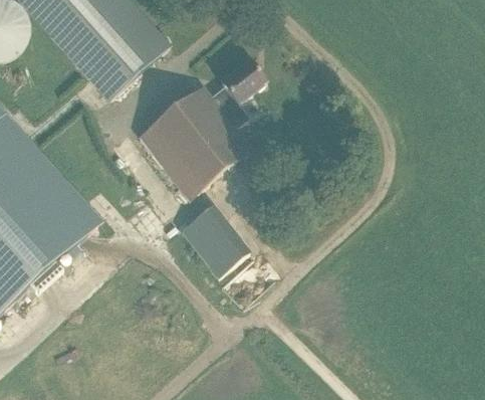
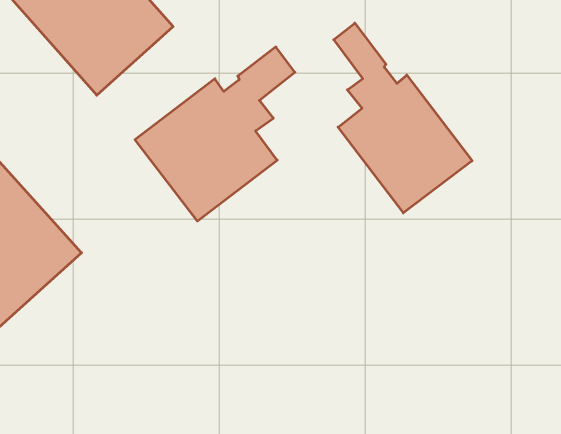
building: none -> [334,23,472,213]
building: [181,203,248,275] -> none

